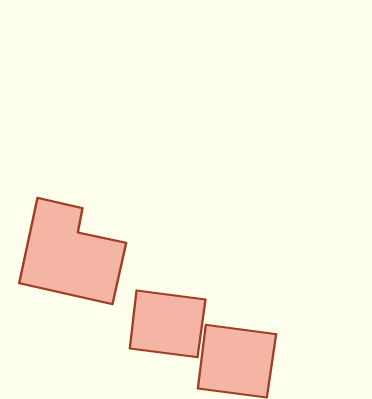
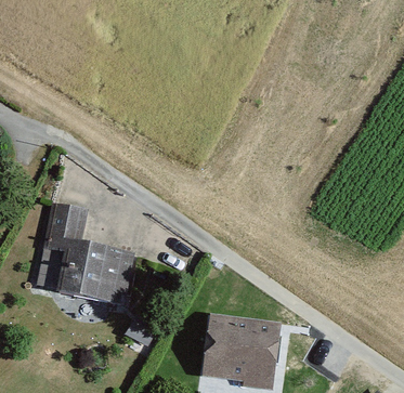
building: [130,290,205,357] -> none

